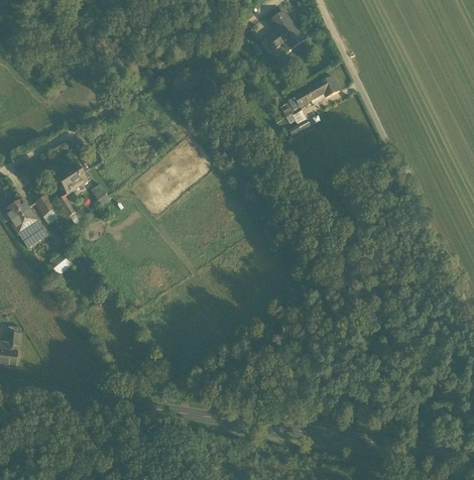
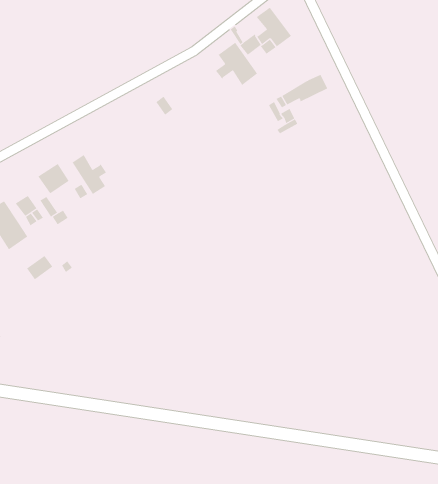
building: none -> [215,42,258,86]
building: none -> [72,154,107,195]

